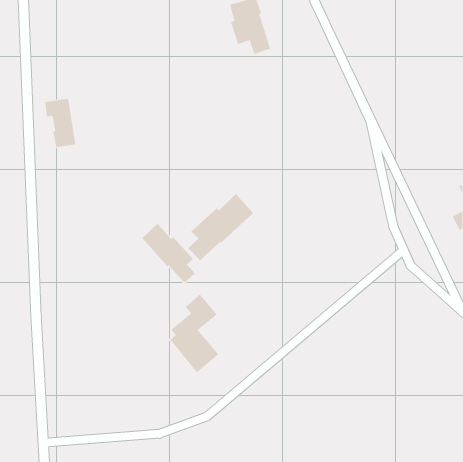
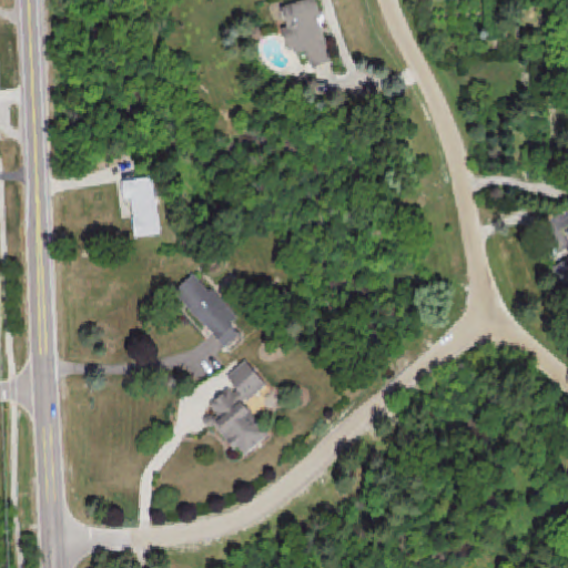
building: [44,98,76,148] -> [122,176,161,237]
building: [187,193,254,261] -> none

